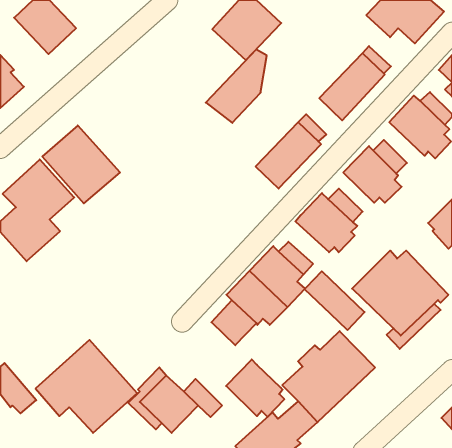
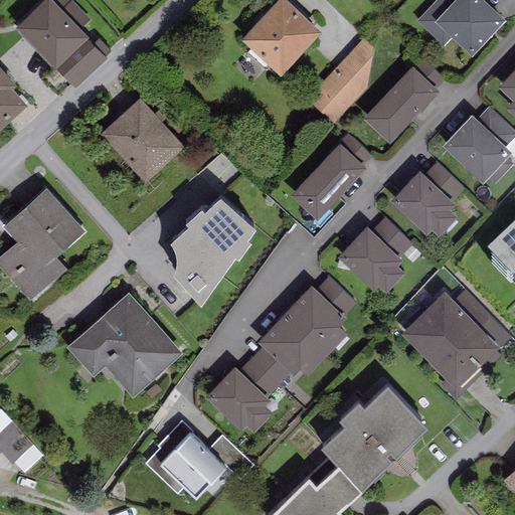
building: none -> [55,37,107,88]
building: [206,49,267,123] -> [305,41,374,125]
building: [42,125,120,203] -> [102,97,190,185]
building: none -> [170,190,254,300]
building: [305,271,365,330] -> none
building: [36,340,137,433] -> [66,292,182,397]
building: [226,359,284,417] -> [205,365,272,431]

